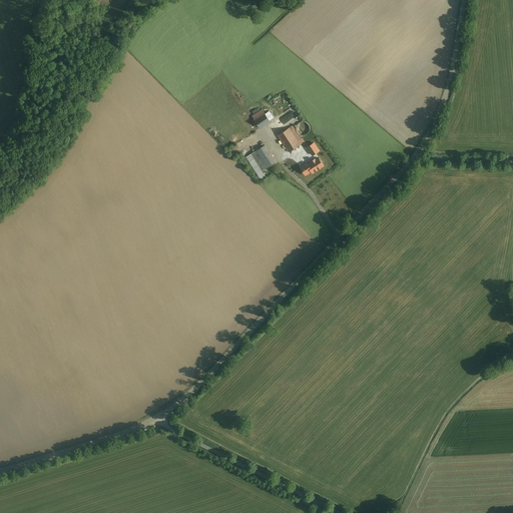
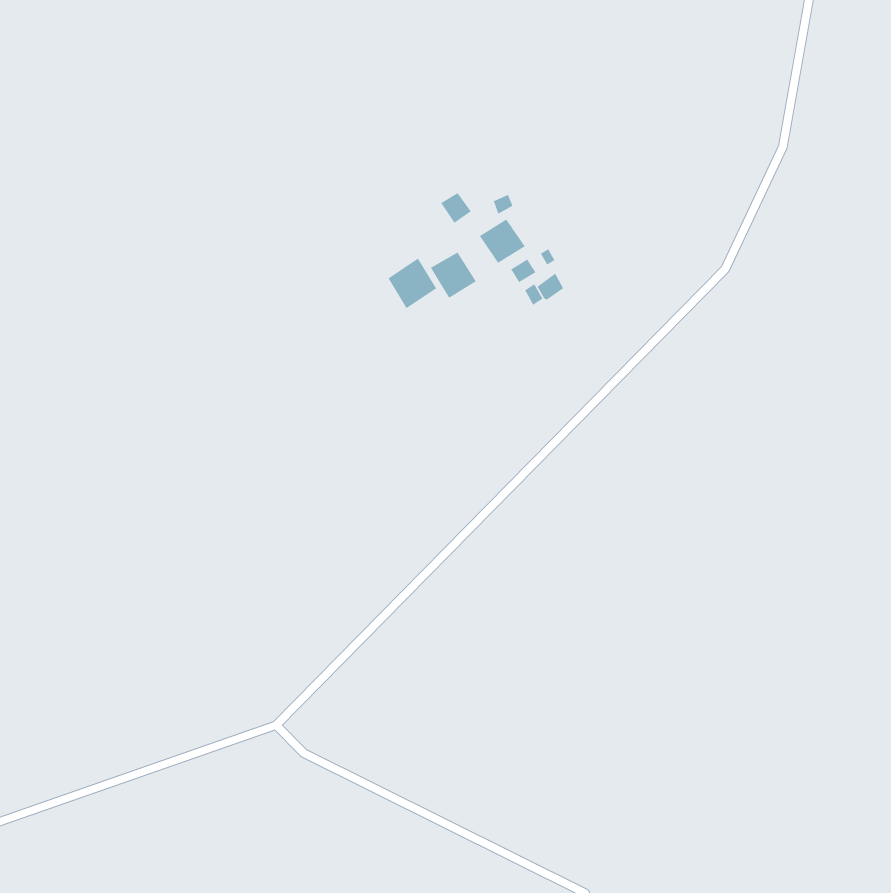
building: none -> [387,258,437,309]

